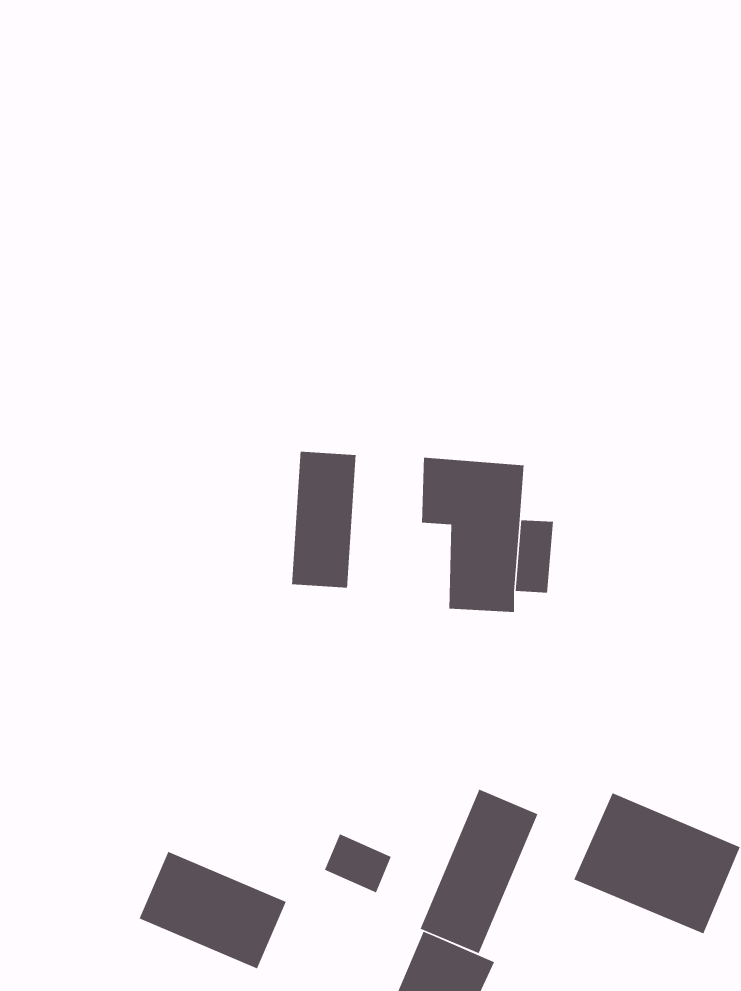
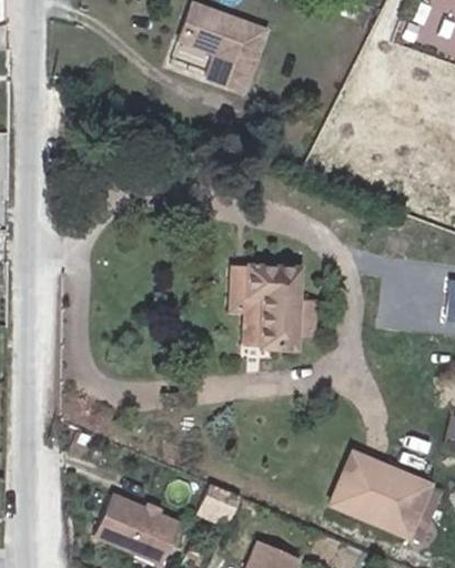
building: none -> [186,11,272,95]
building: [291,451,357,588] -> none
building: [419,789,539,954] -> none

